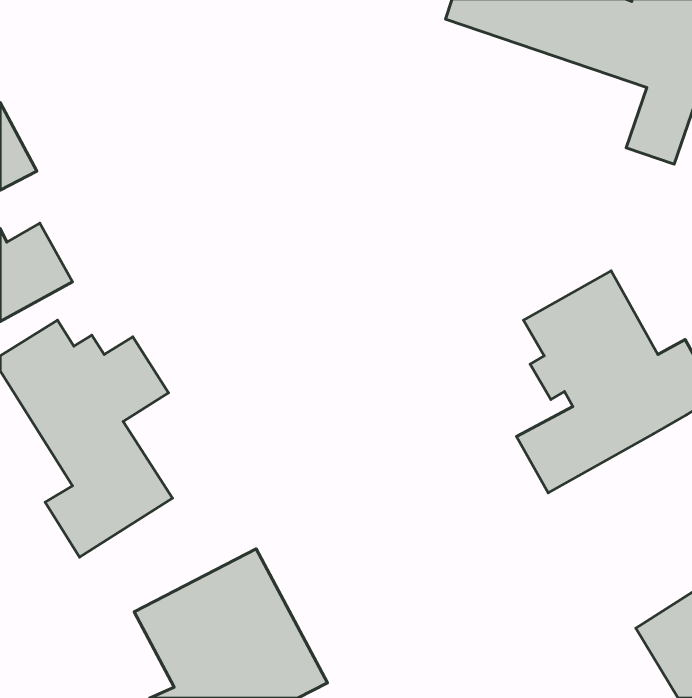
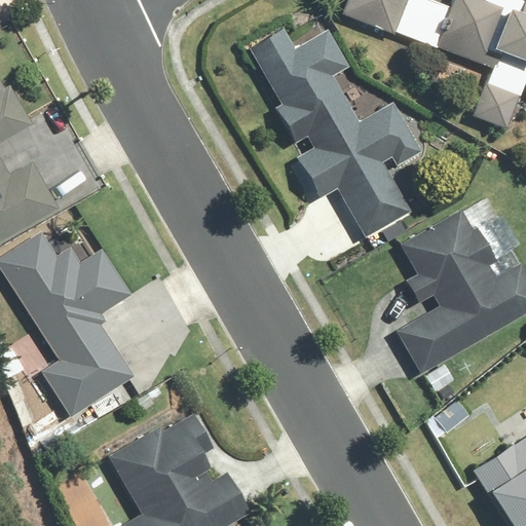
building: none -> [253,18,417,242]

